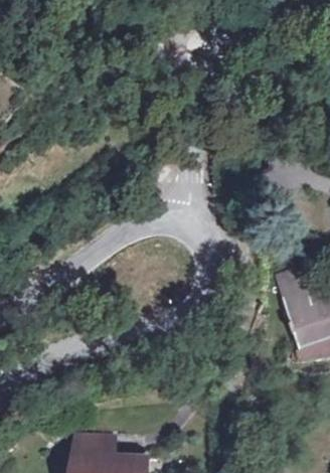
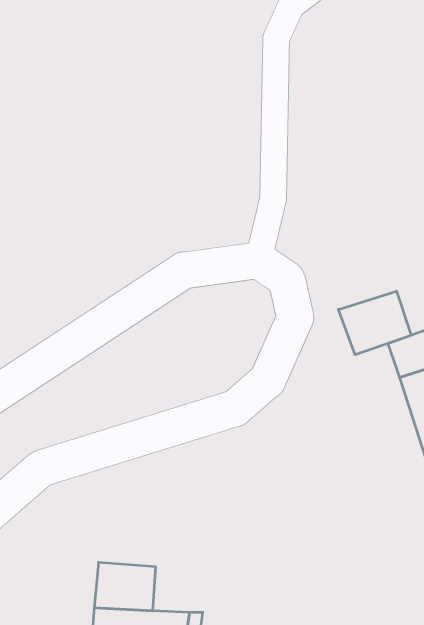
building: none -> [338,291,411,355]

